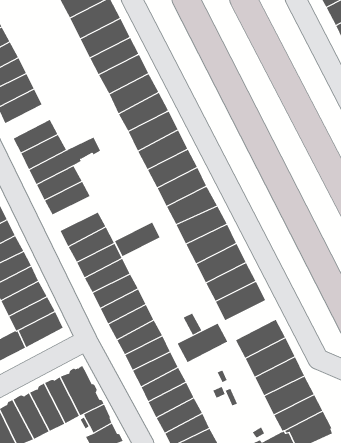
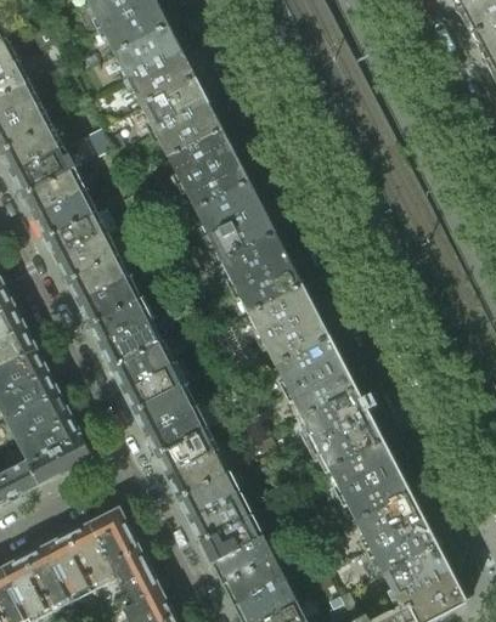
building: none -> [9,146,72,193]
building: [114,222,160,257] -> [74,273,139,322]
building: [177,323,228,363] -> [315,418,387,474]

